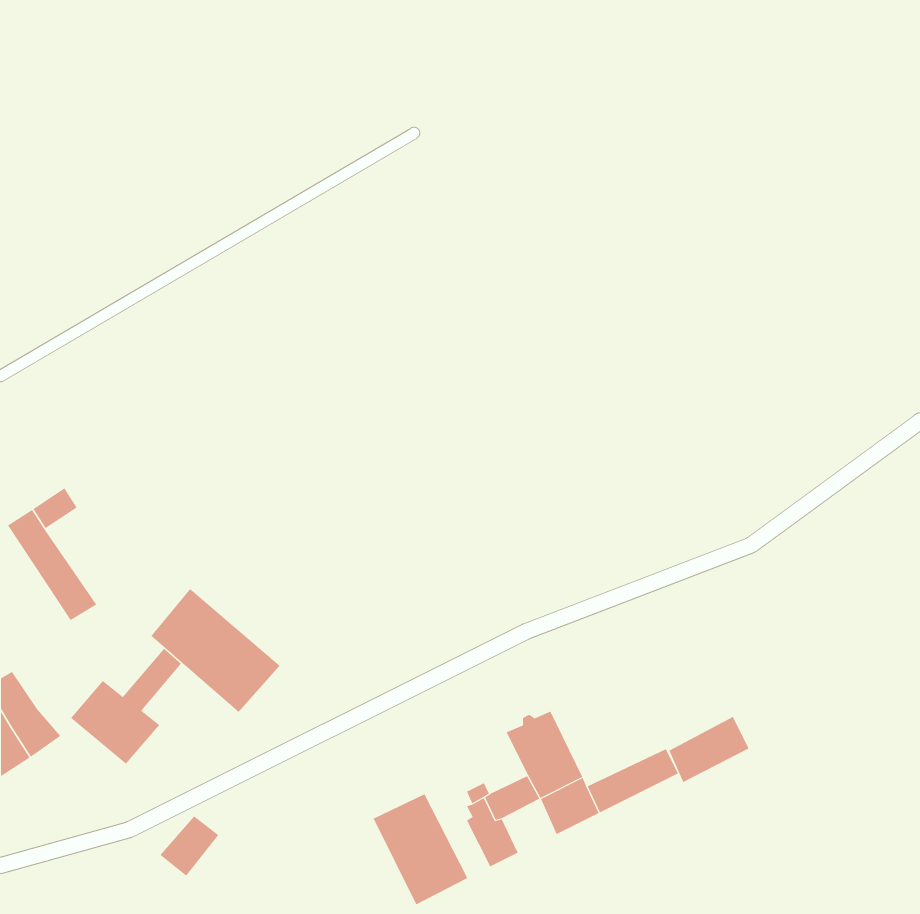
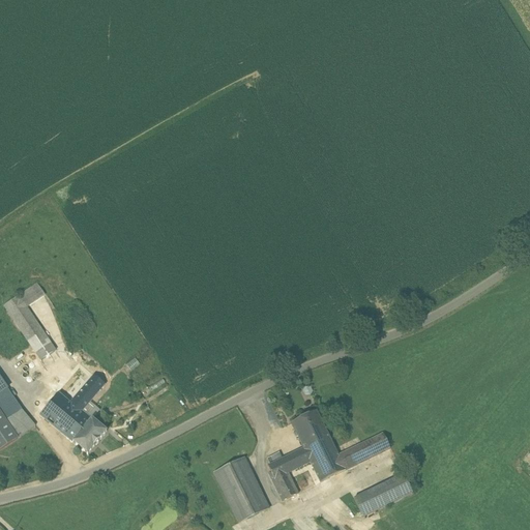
building: [150,588,280,713] -> none
building: [668,716,749,783] -> [365,471,412,509]
building: [160,815,219,877] -> [72,417,107,452]

